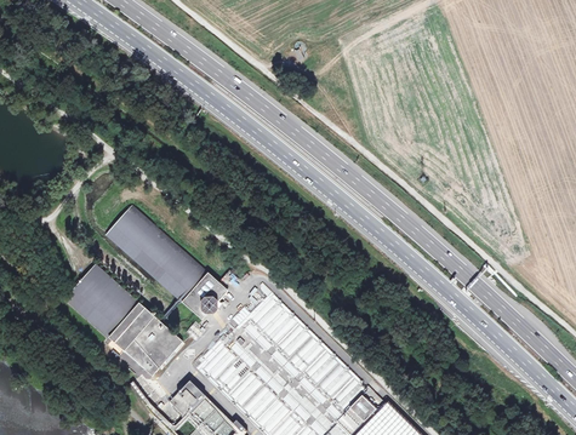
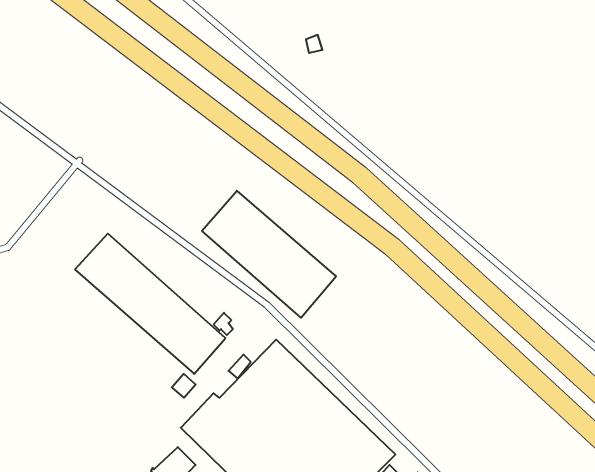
building: none -> [202,191,336,318]
building: [64,263,182,374] -> none

